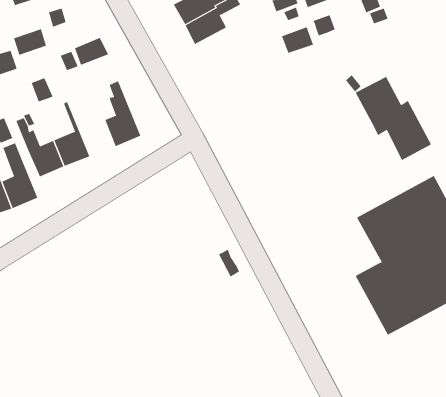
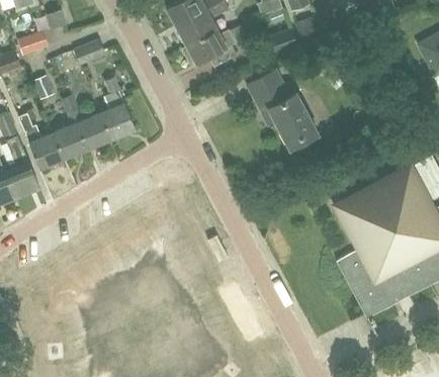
building: none -> [182,28,238,67]
building: [355,76,432,161] -> [246,70,318,149]
building: none -> [67,95,111,149]

